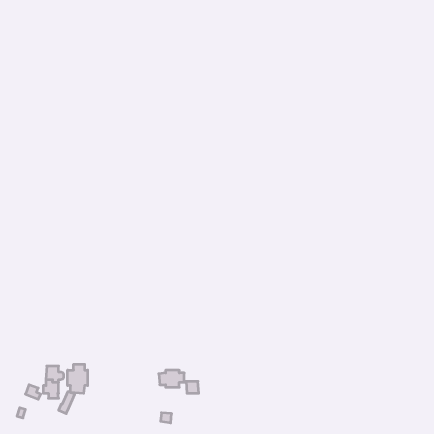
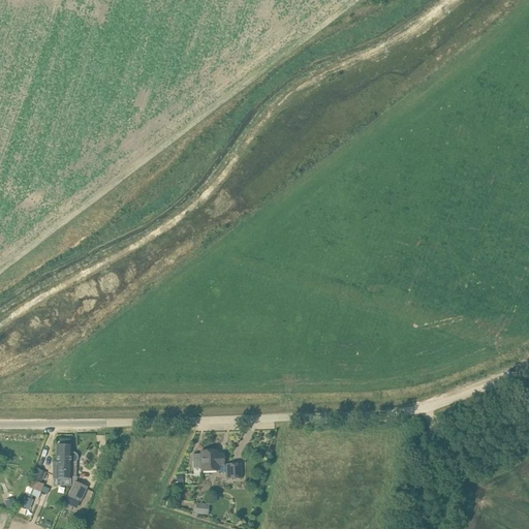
building: [68,364,88,393] -> none

